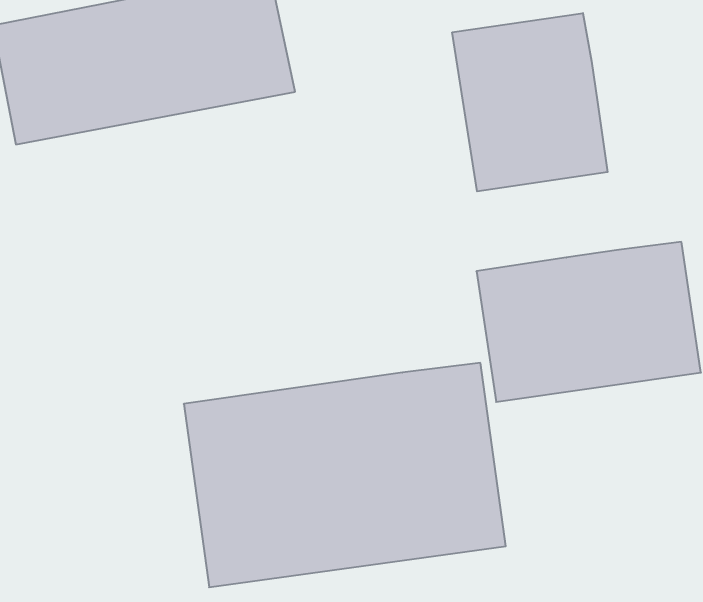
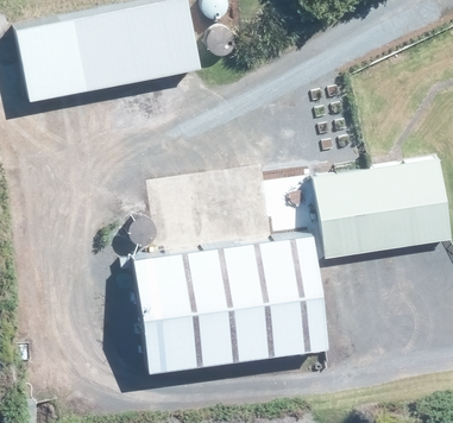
building: [452,13,608,191] -> none

